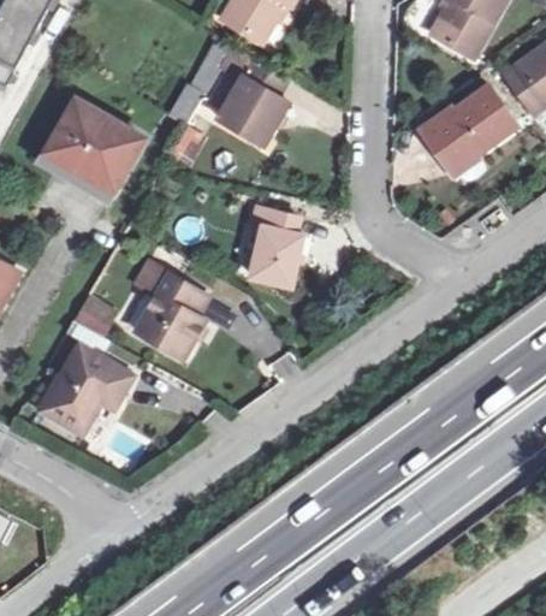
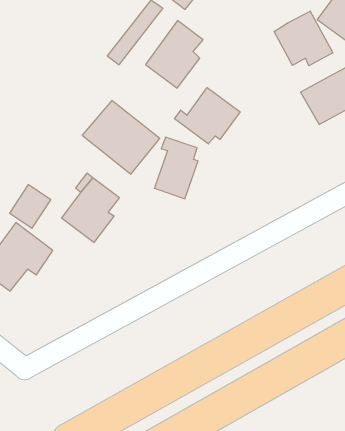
building: none -> [274,11,333,66]
building: [44,97,144,189] -> [82,101,160,174]
building: none -> [175,88,240,144]

